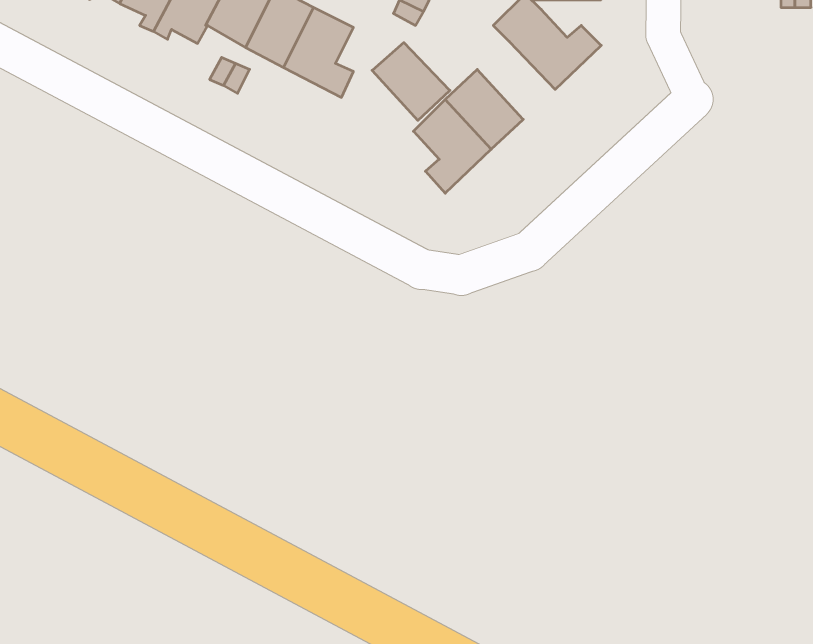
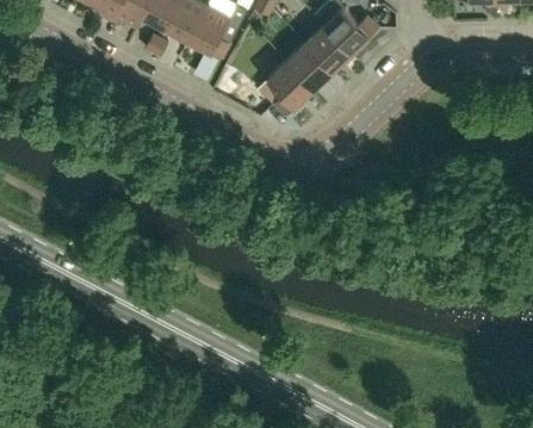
building: [372,43,450,120] -> [304,26,351,73]

